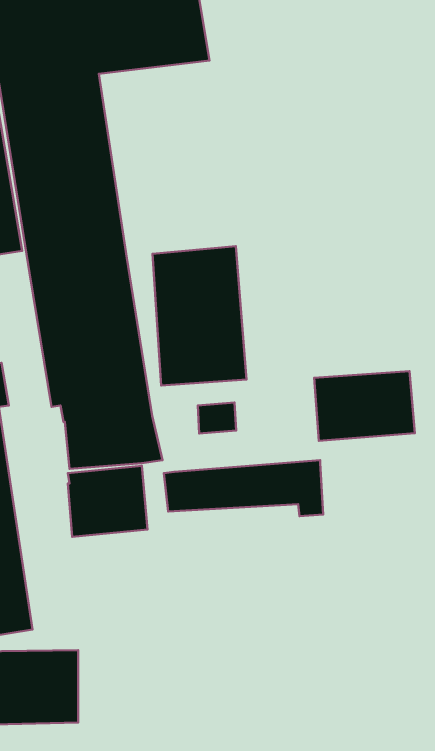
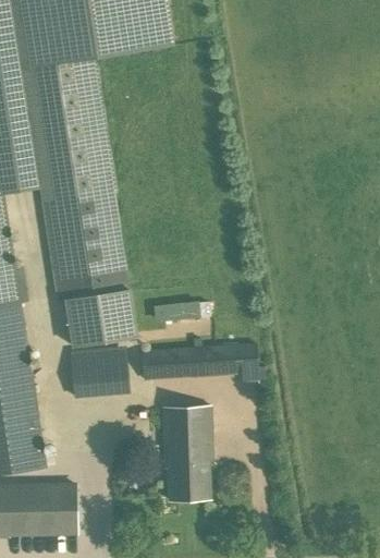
building: [152,246,247,386] -> none
building: [314,371,415,441] -> none
building: none -> [162,407,212,500]

